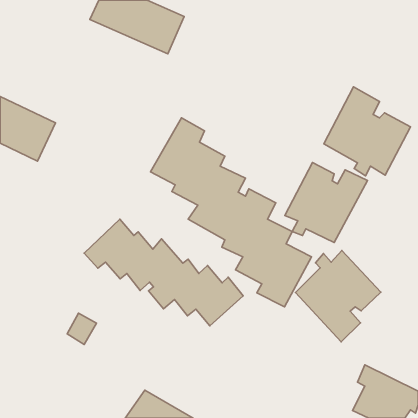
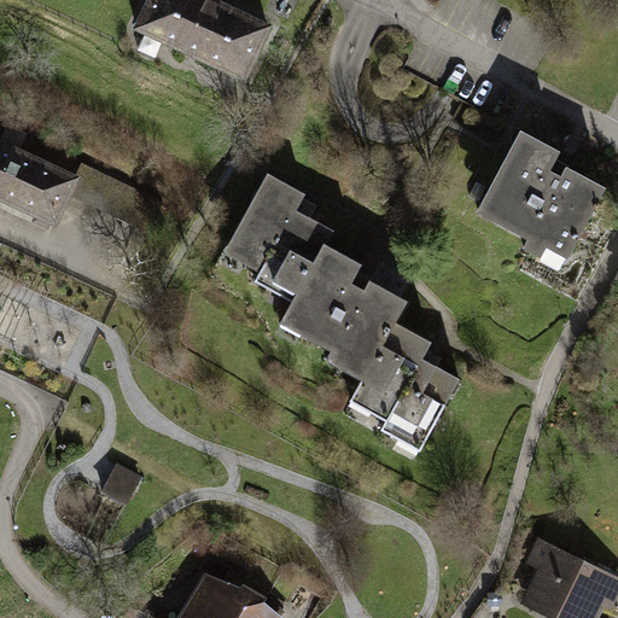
building: [285,163,367,243] -> none
building: [84,219,243,326] -> none
building: [296,251,381,342] -> none

